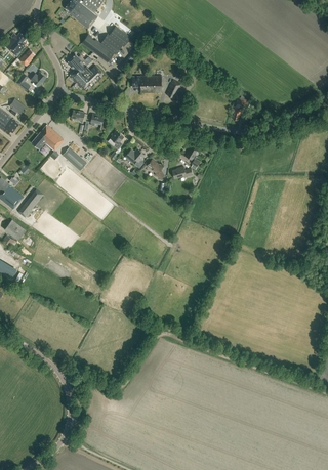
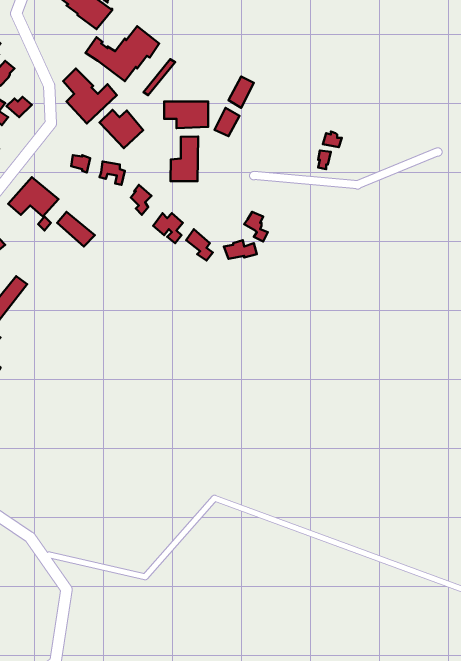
building: none -> [99,110,143,148]
building: none -> [171,136,198,181]

